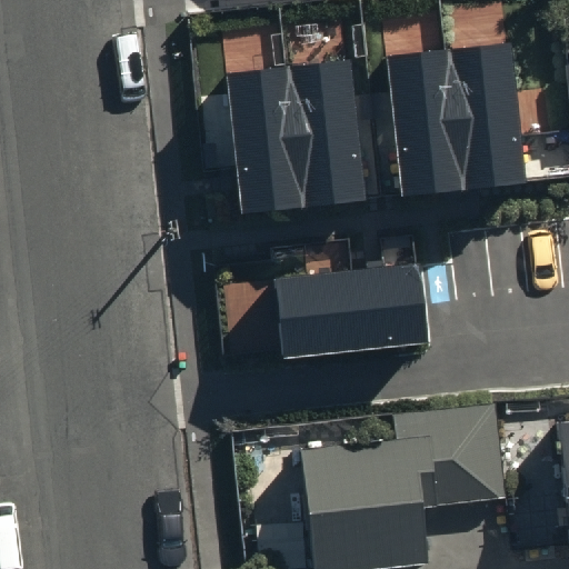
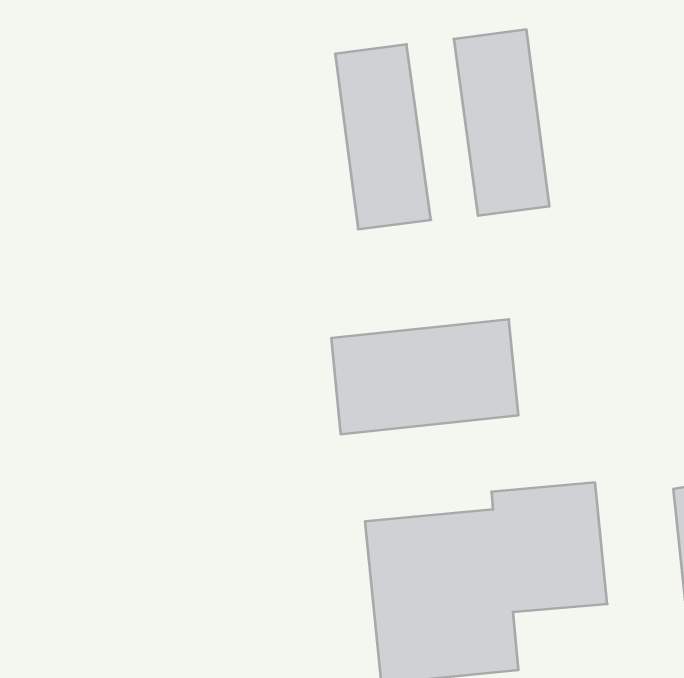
building: [438,26,517,179] -> none
building: [220,53,299,206] -> none

